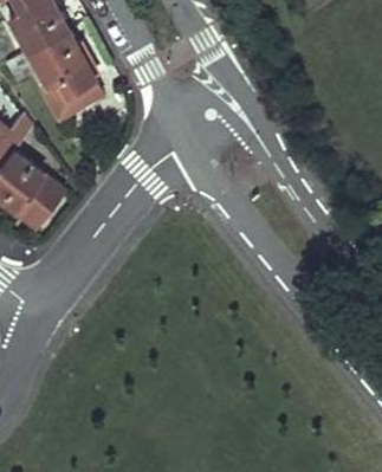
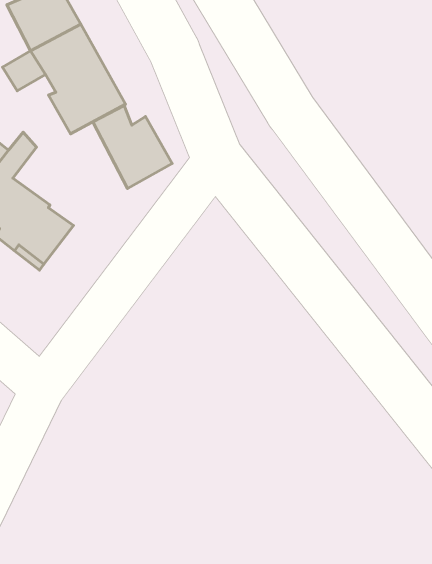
building: none -> [93,106,172,188]

